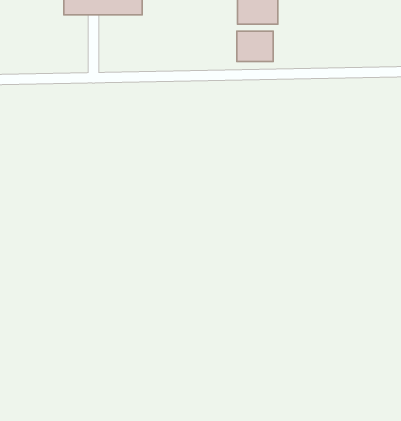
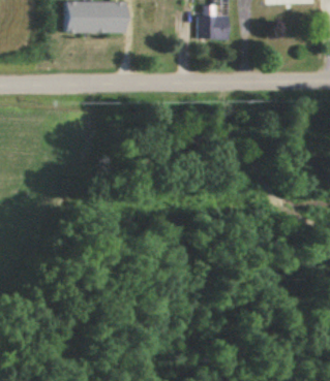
building: [237,31,273,62] -> none

